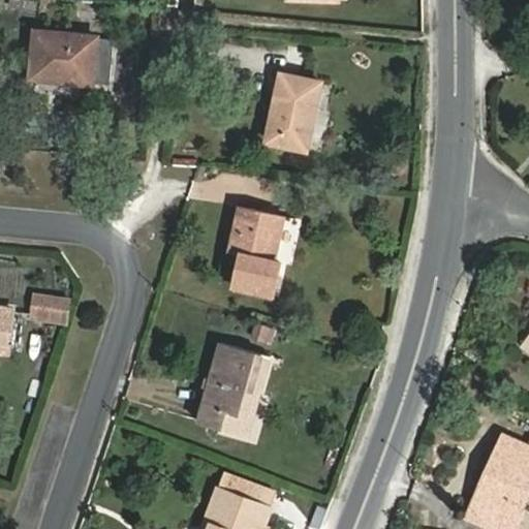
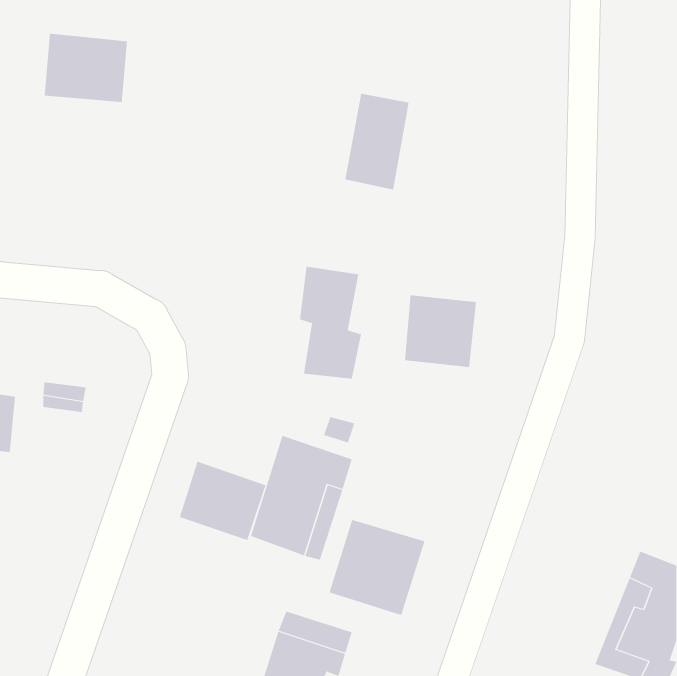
building: none -> [404,294,477,368]
building: none -> [179,461,266,541]
building: none -> [329,519,425,616]

